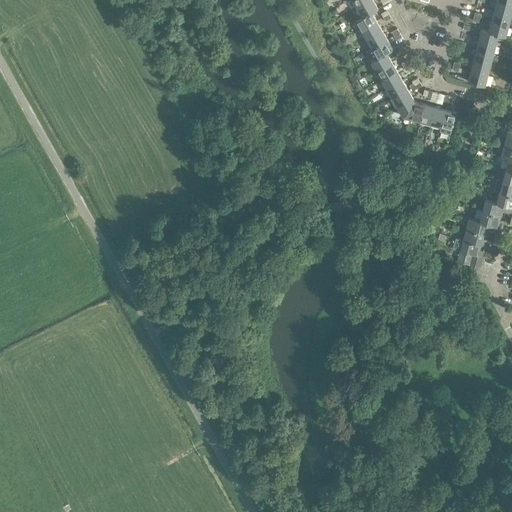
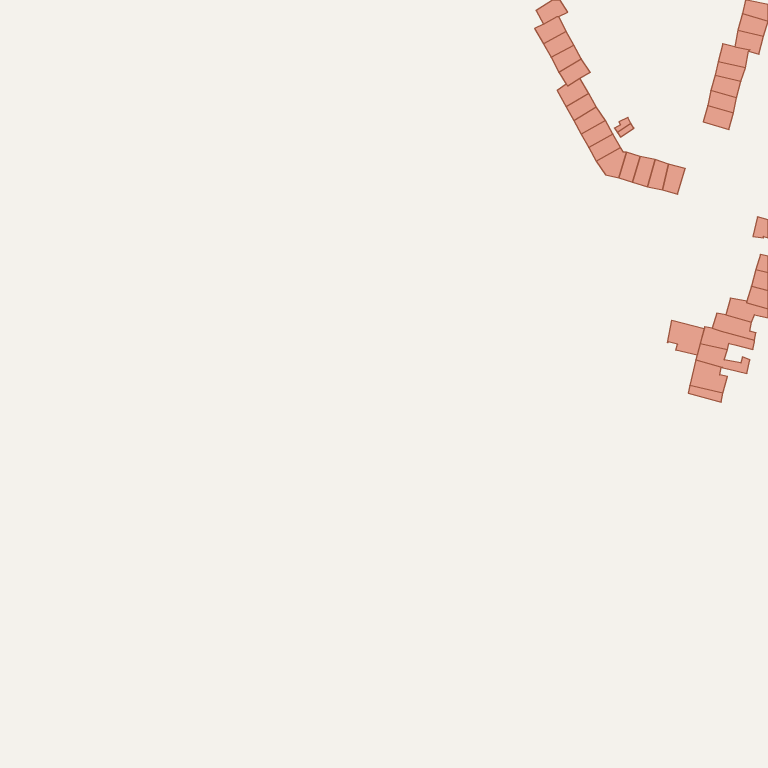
building: none -> [668,320,704,355]

